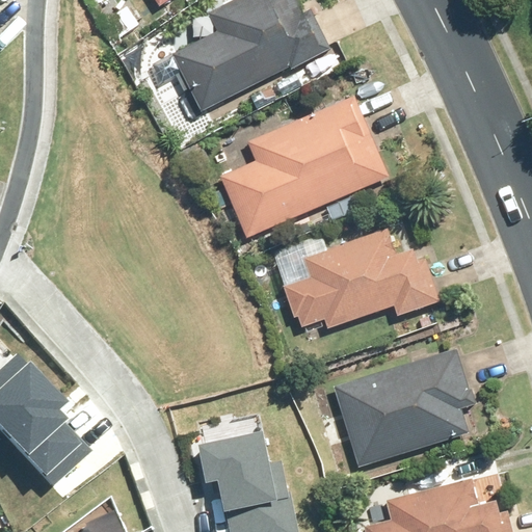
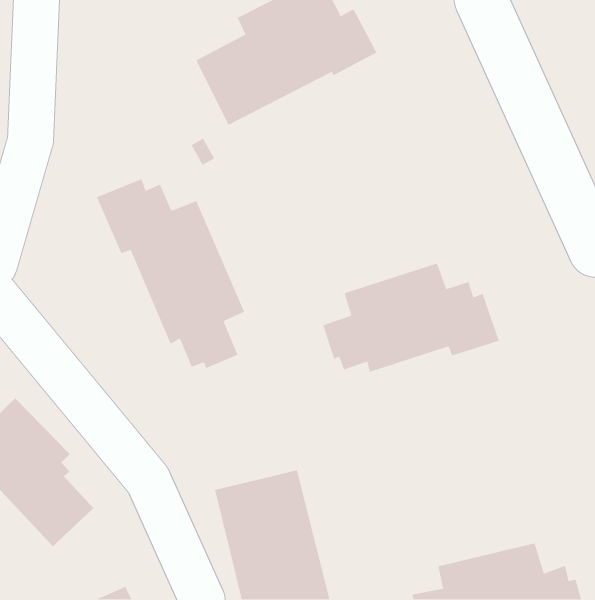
building: [220,98,390,238] -> none
building: none -> [96,178,245,369]
building: [334,347,479,466] -> none

